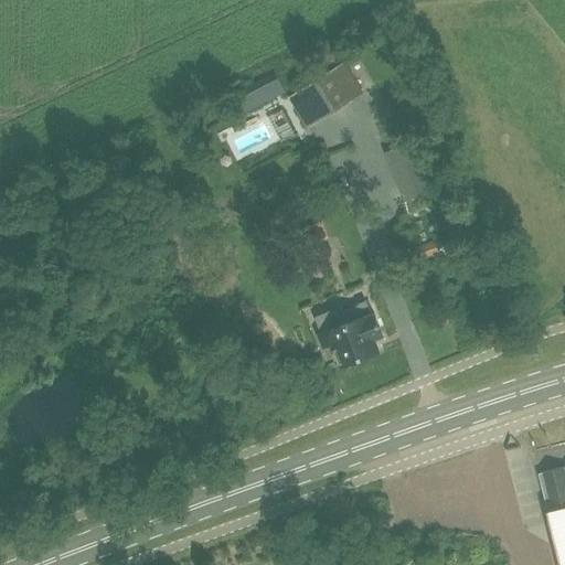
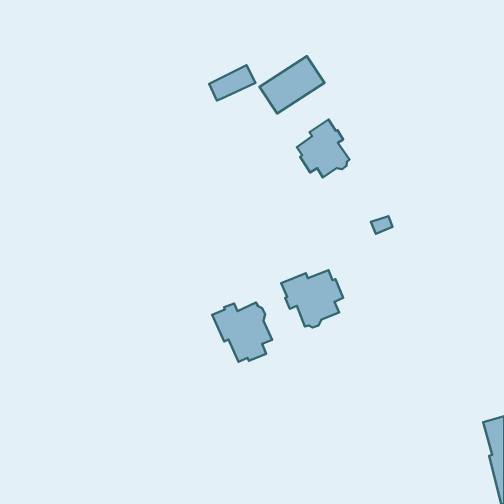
building: none -> [297,119,349,177]
building: none -> [212,302,272,362]

